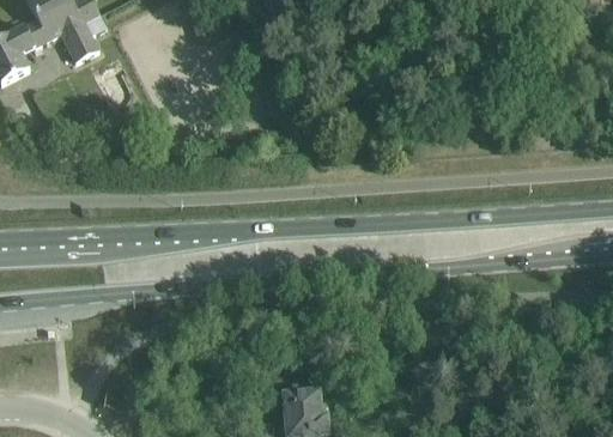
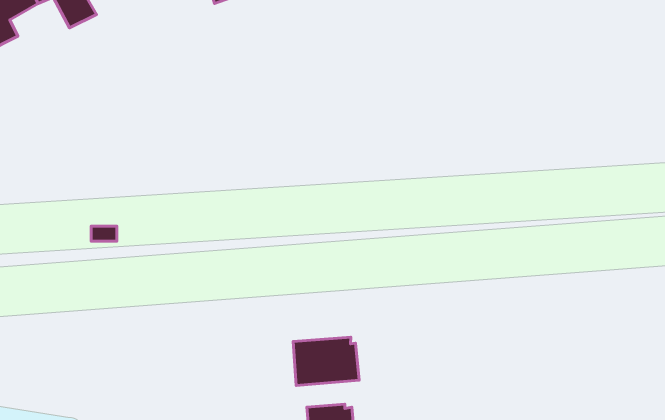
building: none -> [293,337,359,385]

